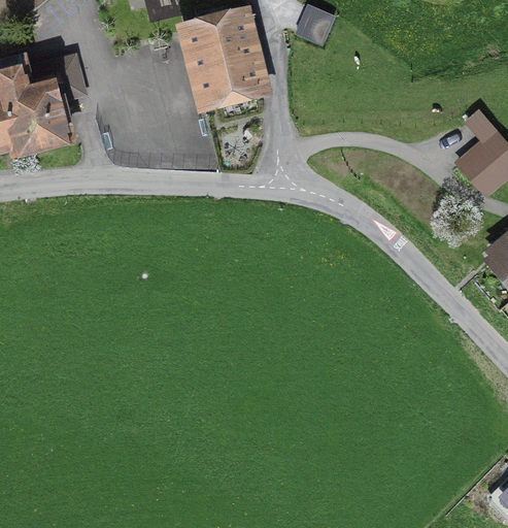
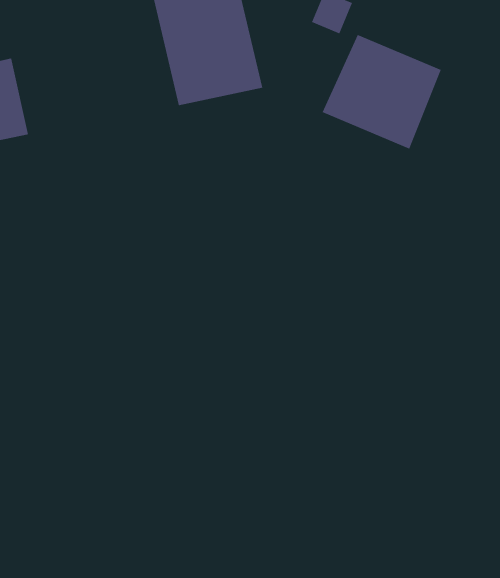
building: none -> [322,34,441,150]

